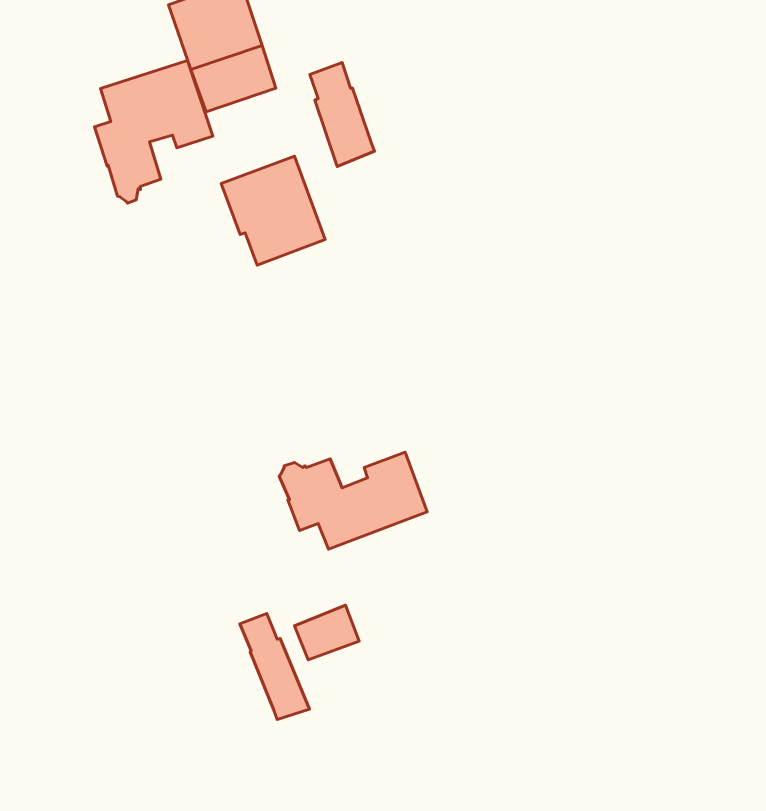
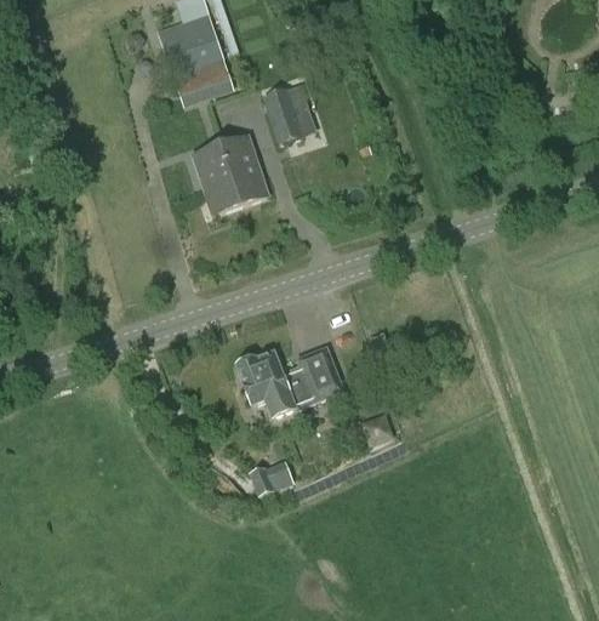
building: [95,60,213,203] -> none
building: [240,613,309,720] -> none

